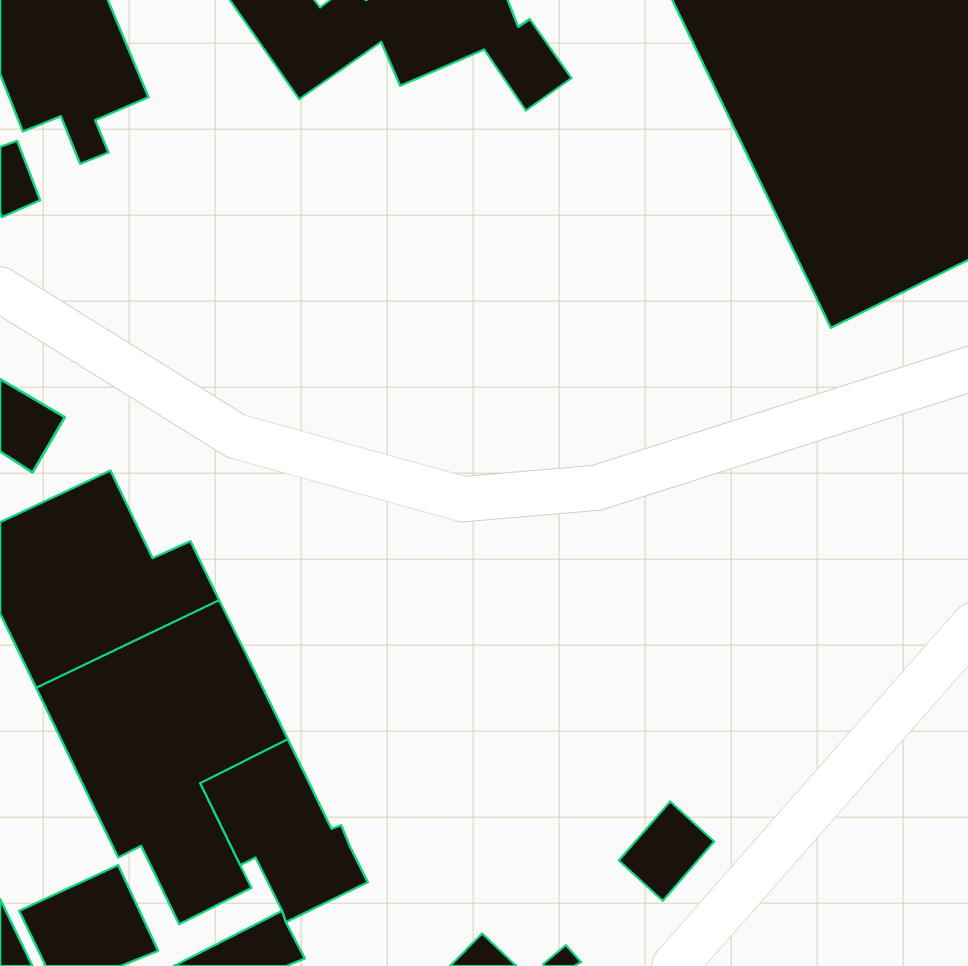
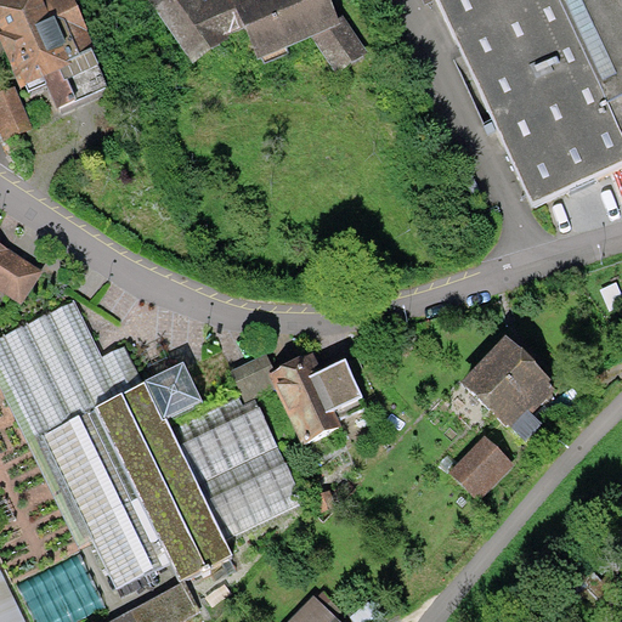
building: none -> [458,339,550,446]
building: none -> [228,350,347,445]
building: none -> [143,364,198,419]
building: none -> [168,398,304,541]
building: [619,802,714,901] -> [453,436,514,499]

